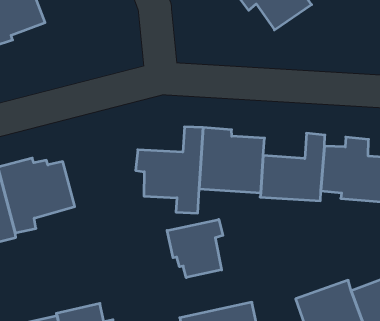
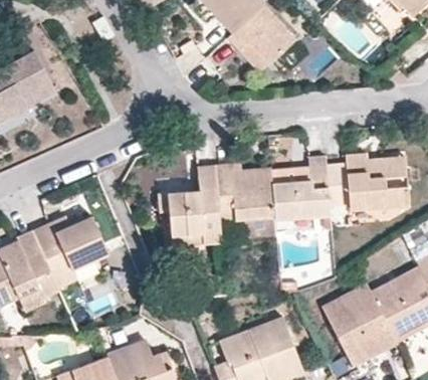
building: [167,219,223,278] -> none

